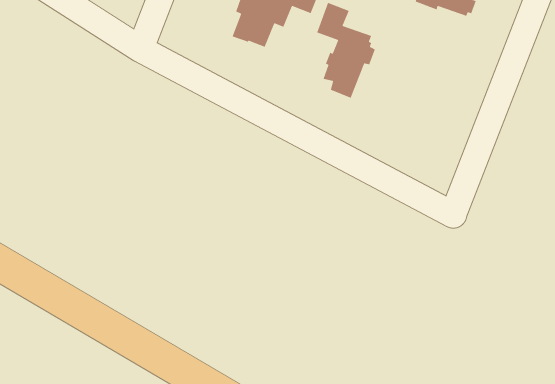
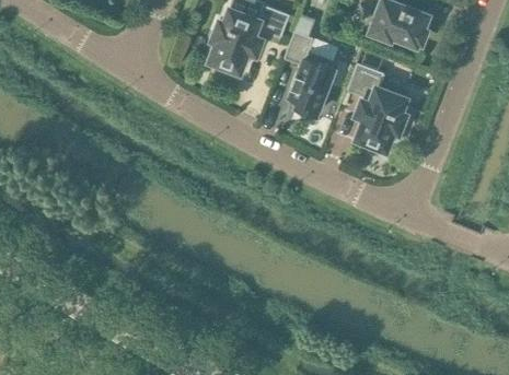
building: none -> [345,63,404,152]

